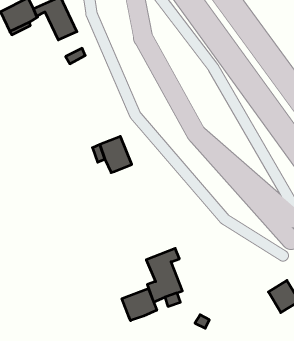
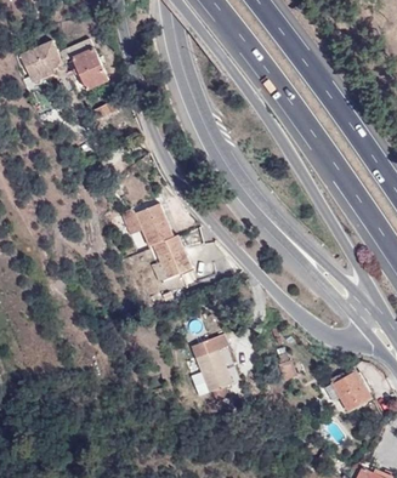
building: none -> [152,234,191,278]
building: [122,288,157,321] -> none

